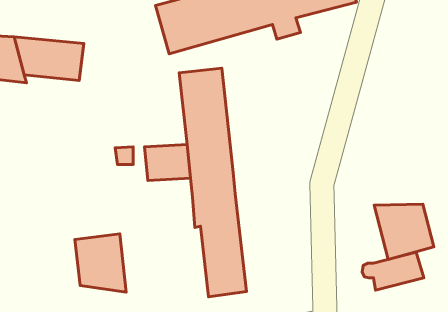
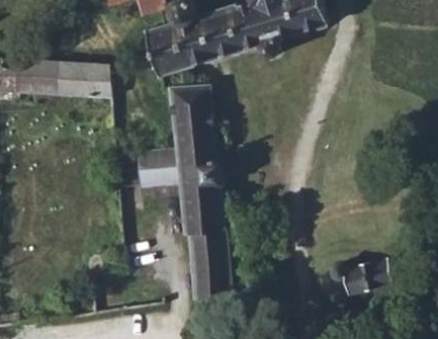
building: none -> [78,63,110,99]
building: [374,204,434,259] -> none
building: [75,234,126,292] -> none

